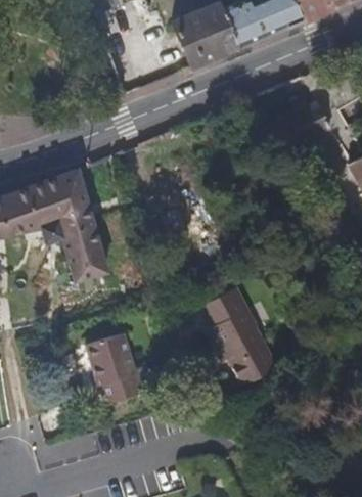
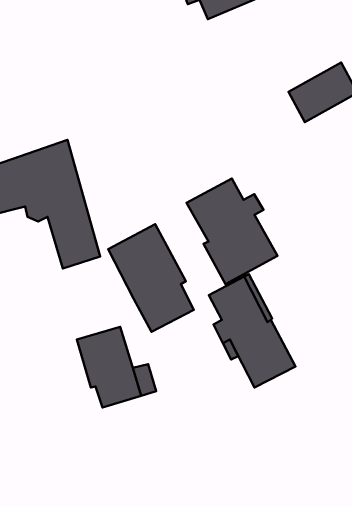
building: none -> [186,179,278,284]
building: none -> [108,224,194,332]

